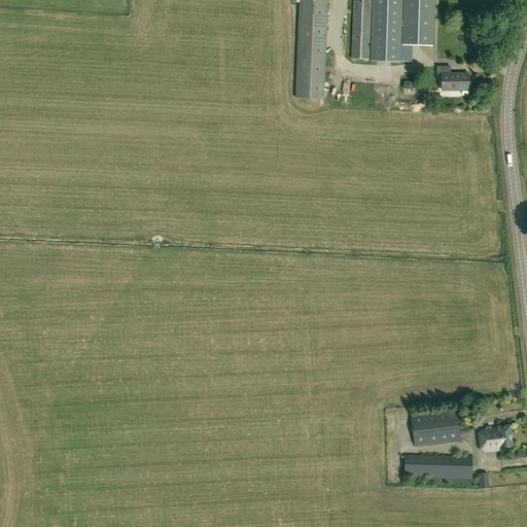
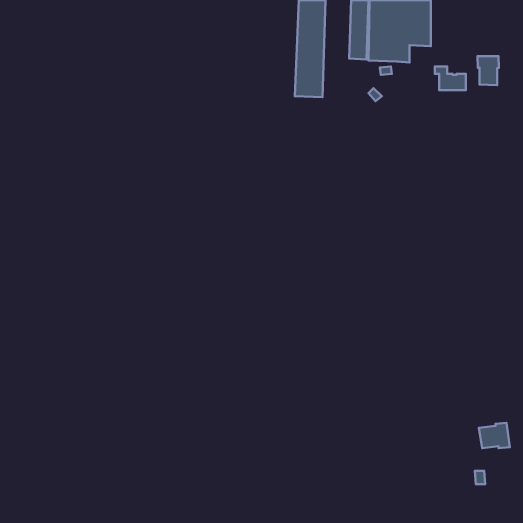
building: none -> [477,56,499,85]
building: [411,410,461,446] -> none
building: [405,455,472,479] -> none

